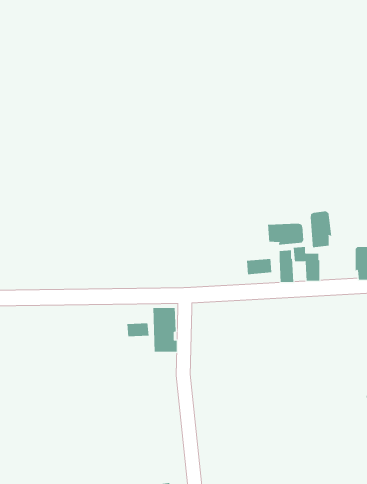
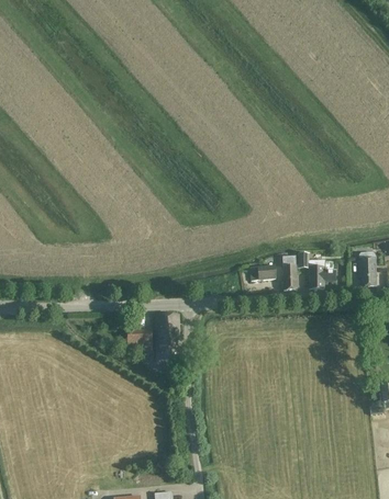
building: [310,211,332,248] -> none
building: [267,223,304,246] -> none

